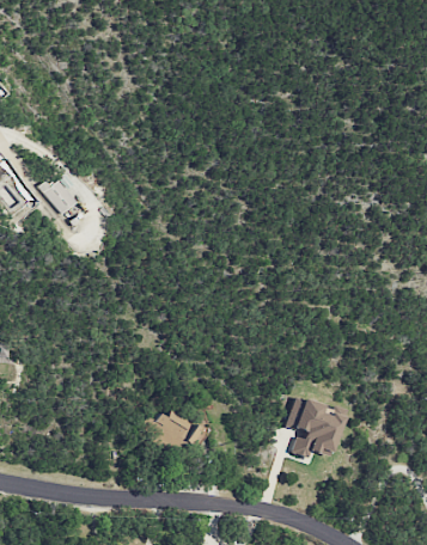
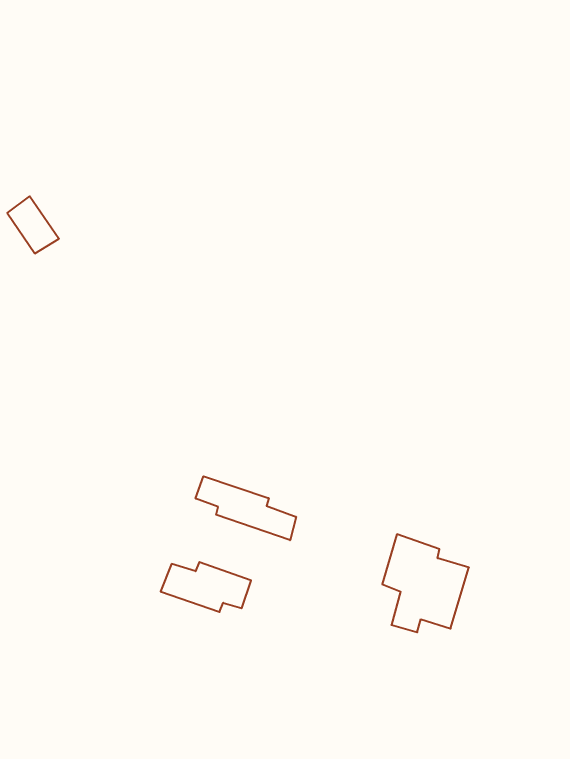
building: none -> [196,476,296,540]

